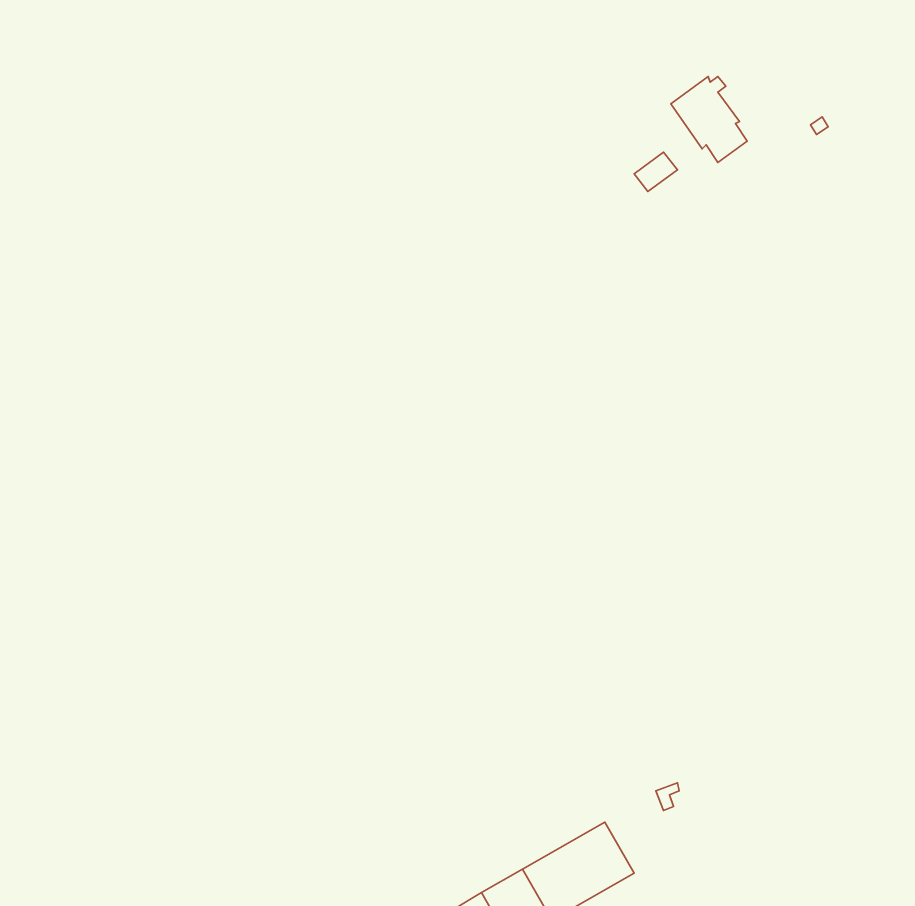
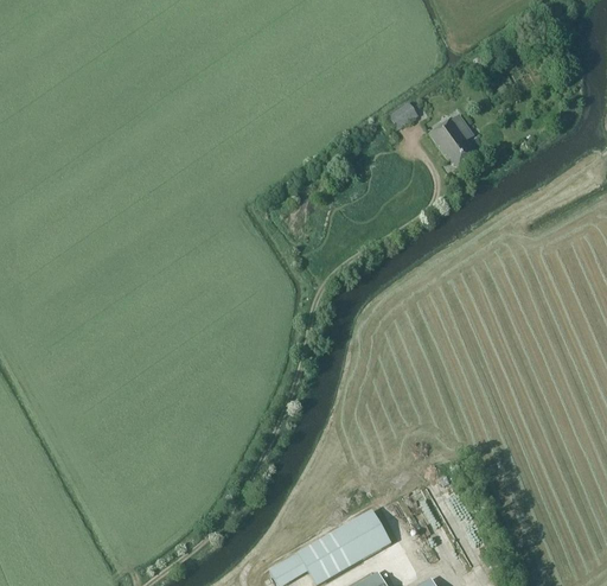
building: [671,76,747,163] -> [429,115,475,167]

